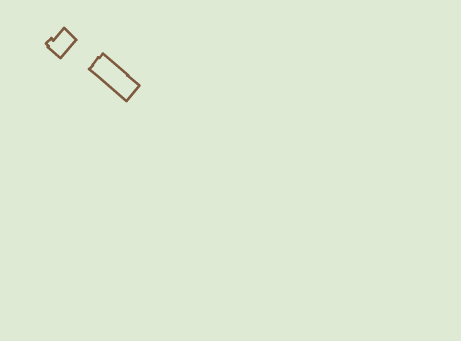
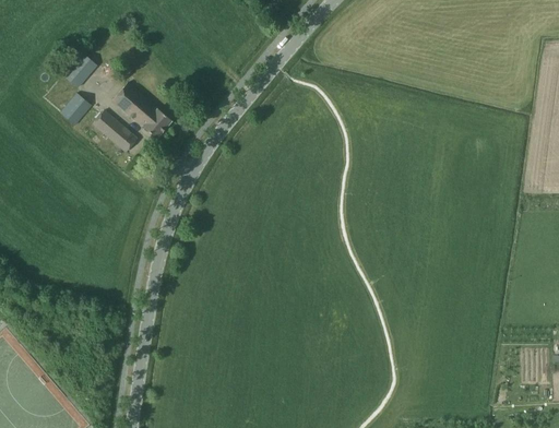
building: none -> [60,93,92,124]
building: none -> [92,110,138,152]

